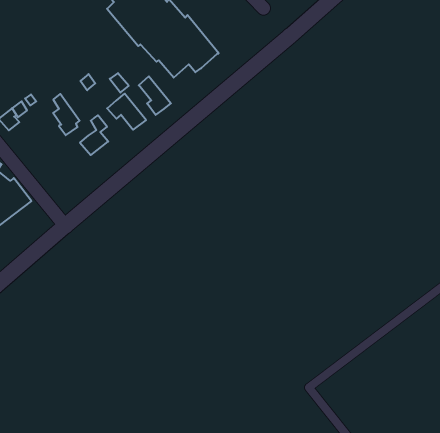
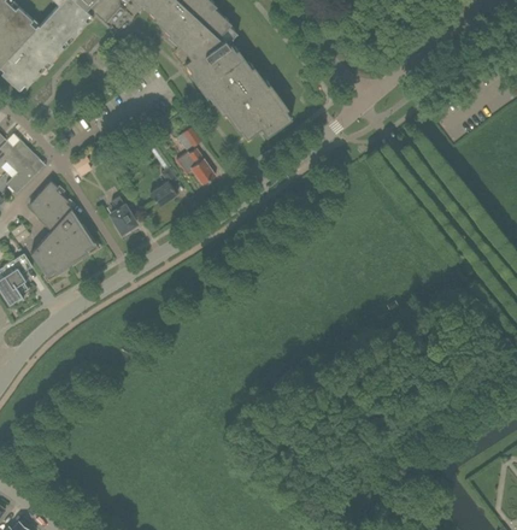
building: [139,76,171,115] -> none
building: [53,94,80,135] -> [110,196,135,237]

